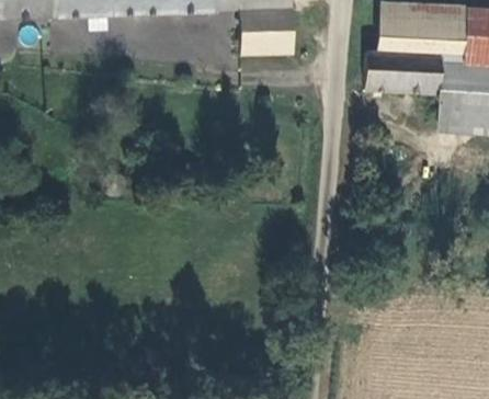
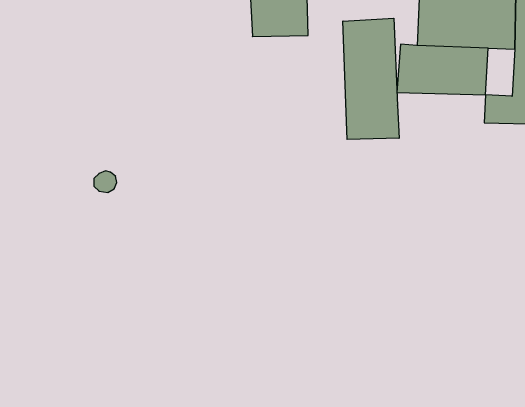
building: none -> [343,18,399,139]
building: [444,56,469,98] -> none

